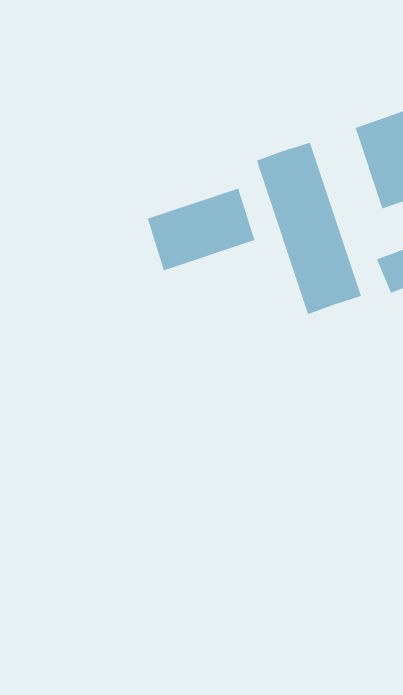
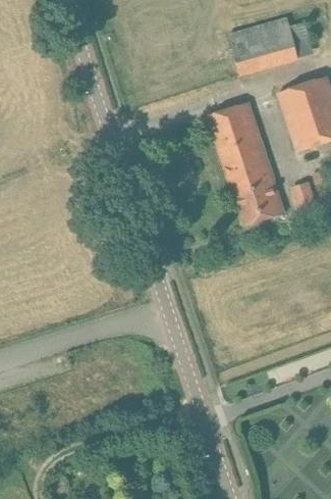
building: none -> [232,13,309,74]
building: [147,188,255,271] -> none

